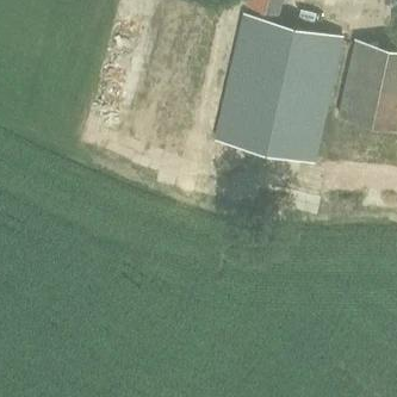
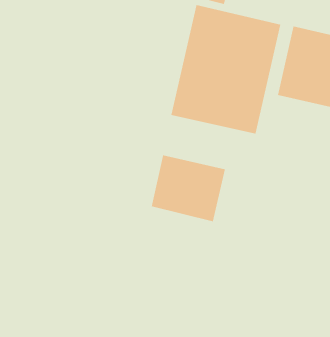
building: none -> [151,154,225,222]

